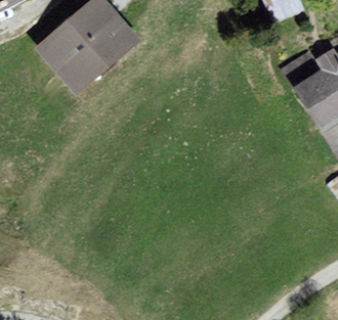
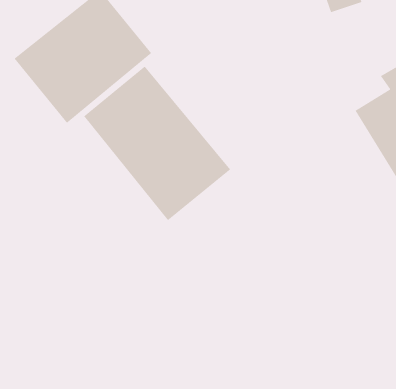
building: none -> [83,66,231,221]

